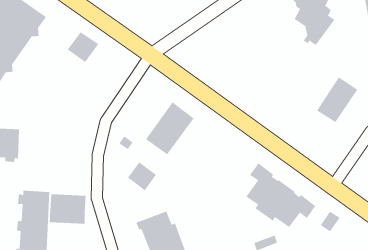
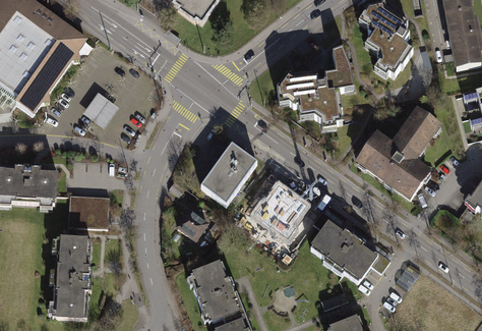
building: none -> [272,47,349,131]
building: [67,32,99,63] -> [80,93,117,128]
building: none -> [354,136,427,202]
building: none -> [252,183,305,235]
building: [49,194,86,224] -> [67,191,110,226]

